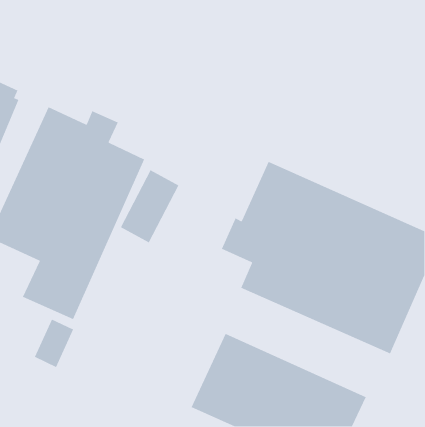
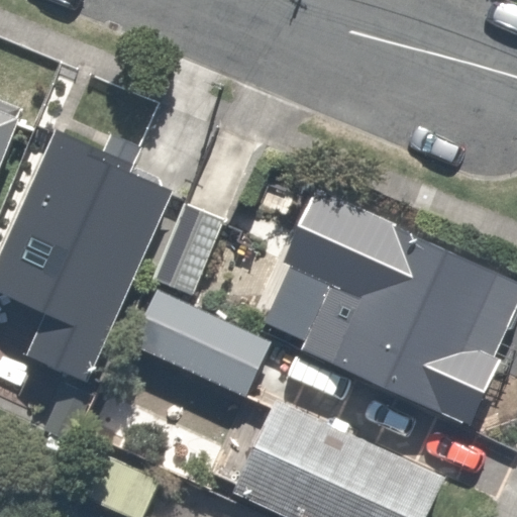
building: none -> [122,286,264,399]

